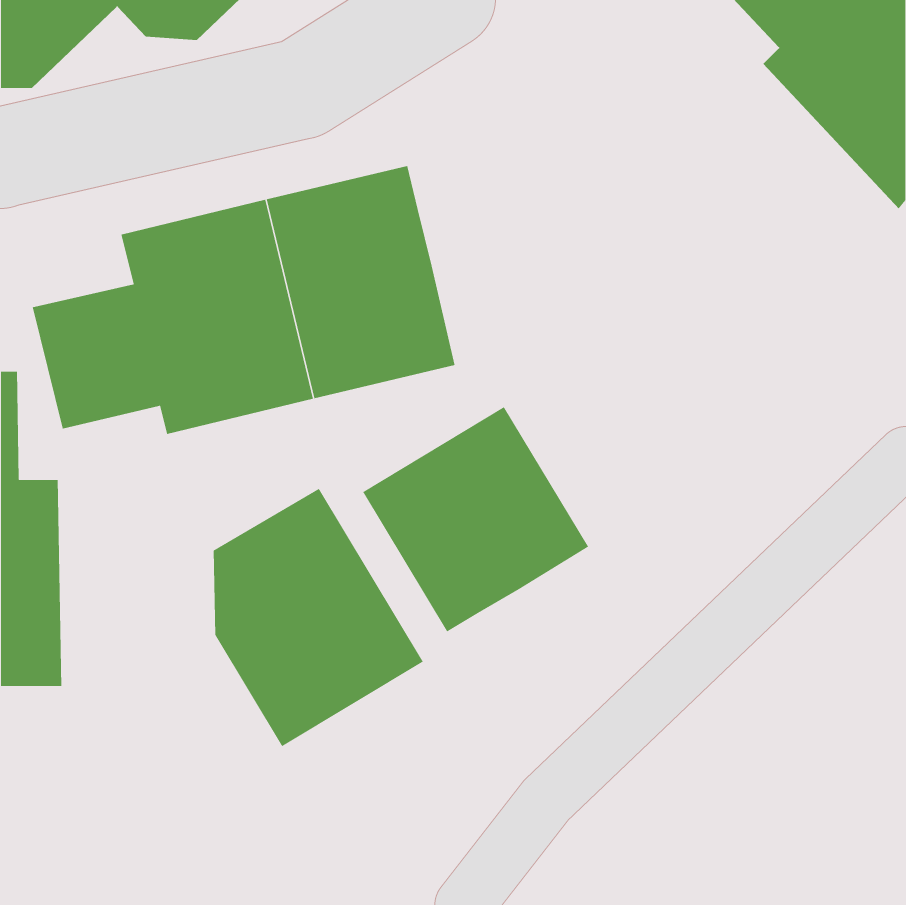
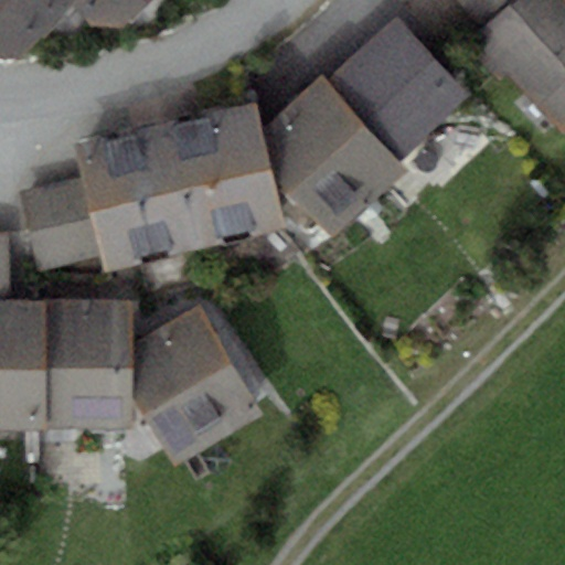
building: none -> [260,18,466,236]
building: [362,406,589,632] -> none
building: none -> [36,296,134,427]

